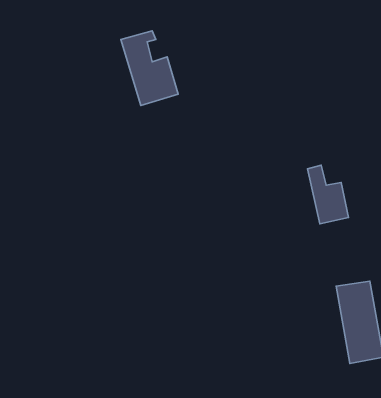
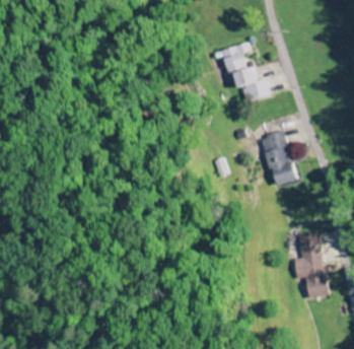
building: [121,31,178,106] -> [225,42,272,102]

